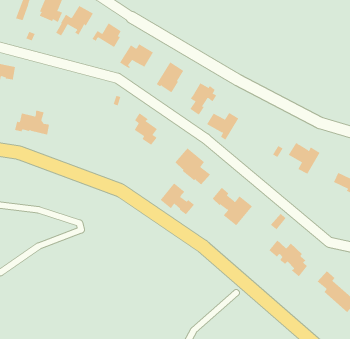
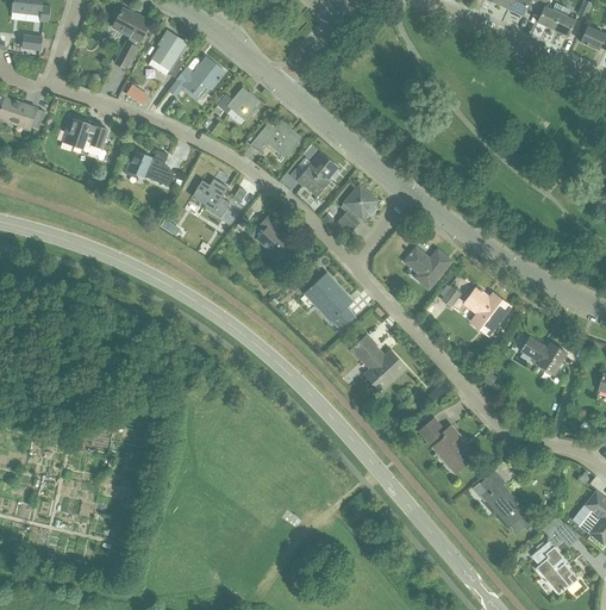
building: none -> [190,179,230,218]
building: [14,110,50,135] -> [124,149,174,186]
building: [206,112,239,140] -> [405,248,451,288]
building: [160,182,195,215] -> none

